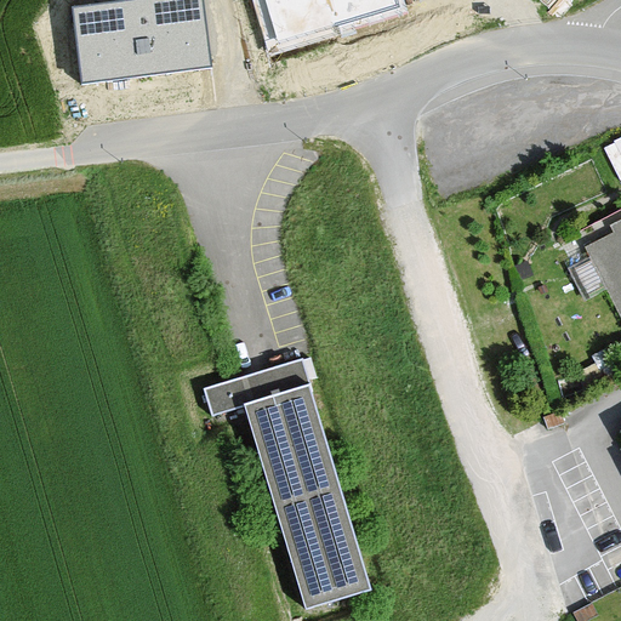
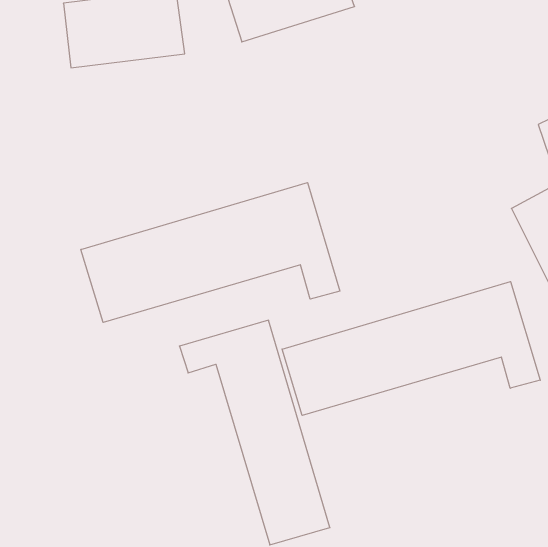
building: none -> [81,183,340,322]
building: none -> [282,282,540,415]

